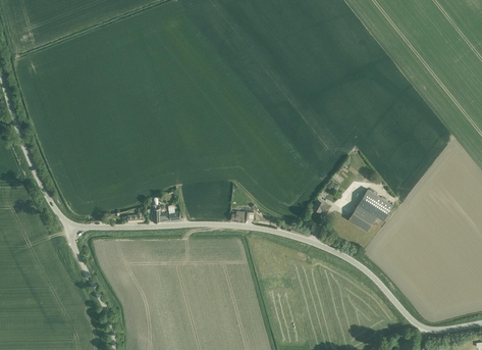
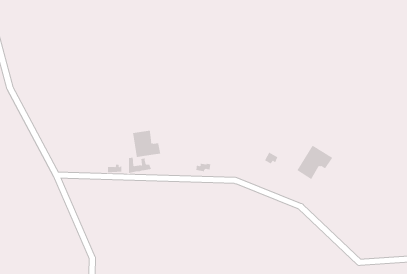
building: none -> [133,130,161,158]

